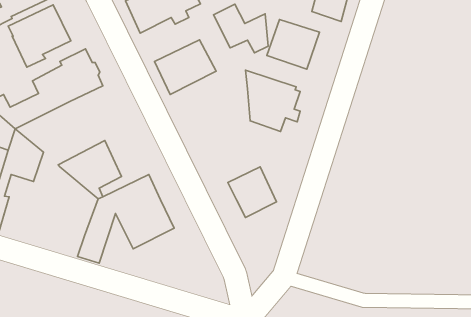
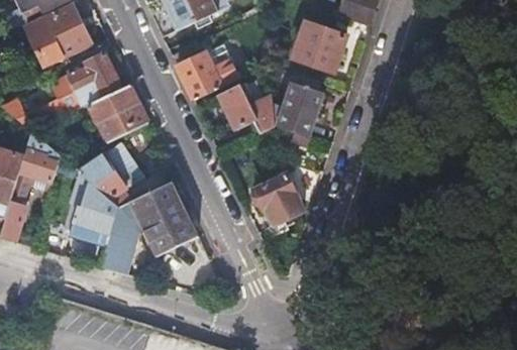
building: [213,4,268,53] -> [219,83,276,133]
building: none -> [89,87,148,144]
building: none -> [68,173,118,245]

